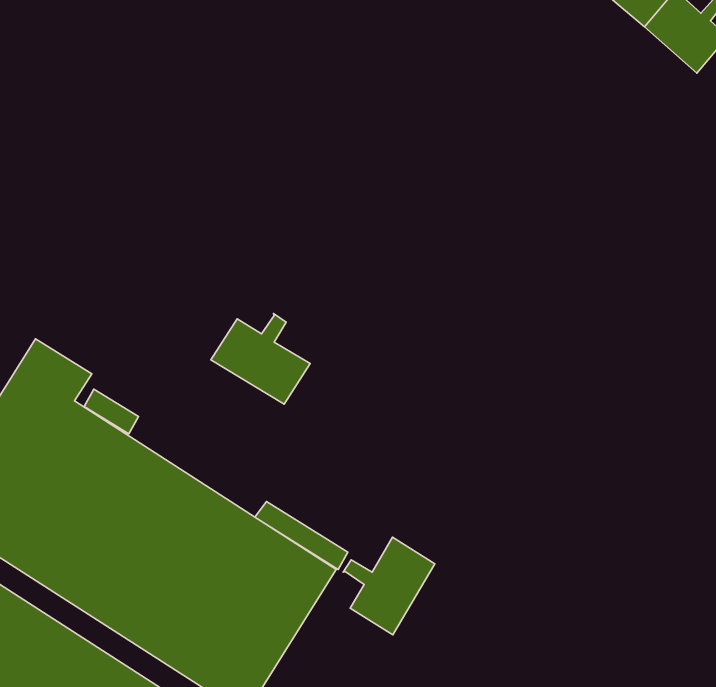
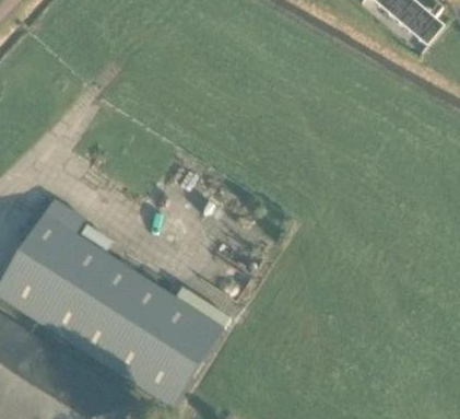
building: [211,314,310,404] -> none
building: [343,537,435,635] -> none

